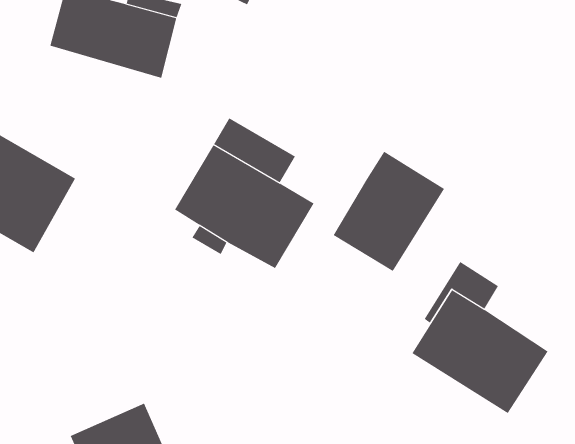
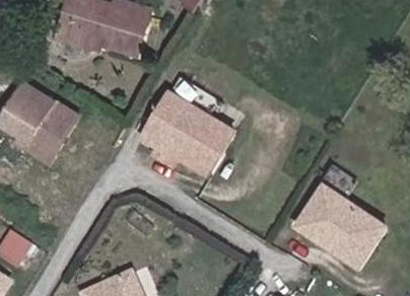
building: [333,151,445,272] -> none

